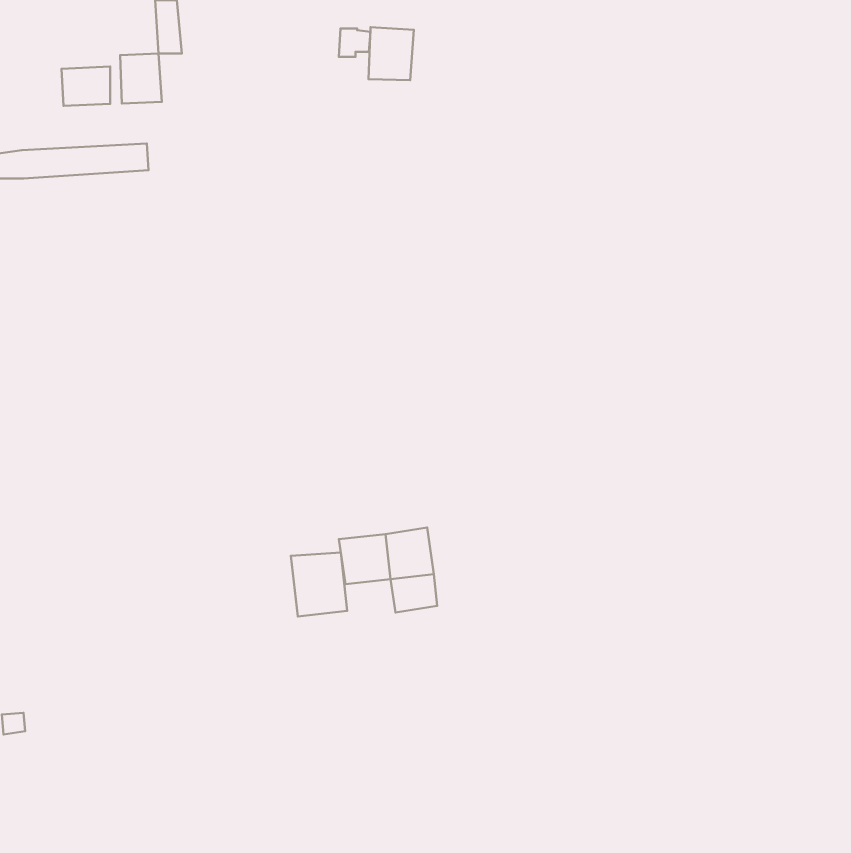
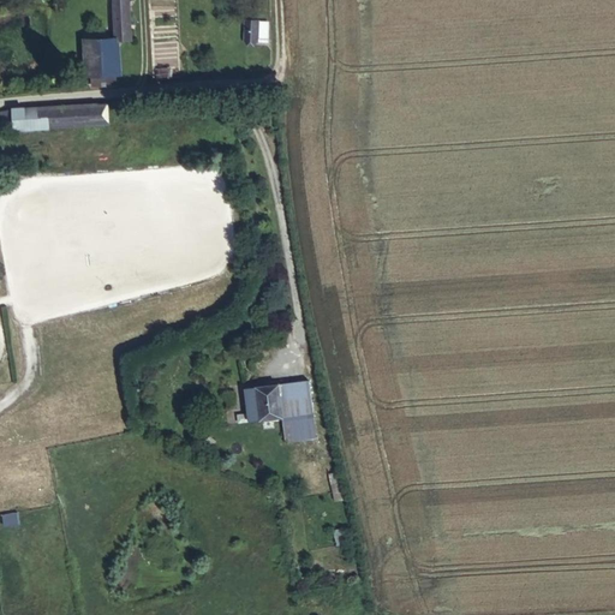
building: [369,27,414,80] -> none
building: [62,67,110,106] -> none
building: [291,553,347,616] -> none

